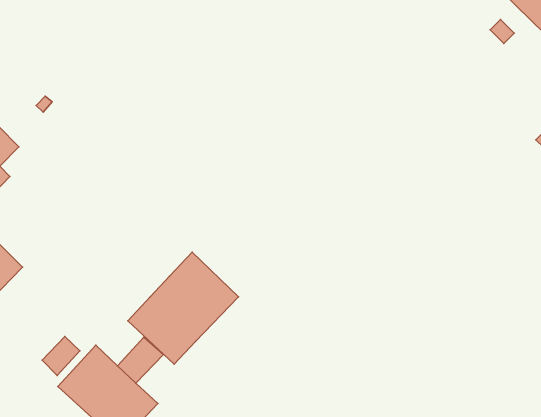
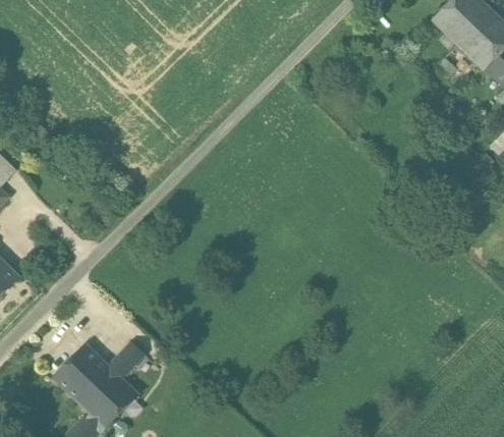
building: [128,252,239,364] -> none
building: [42,337,80,375] -> none

